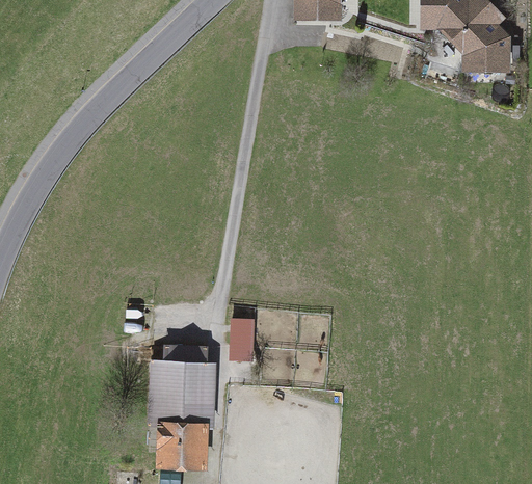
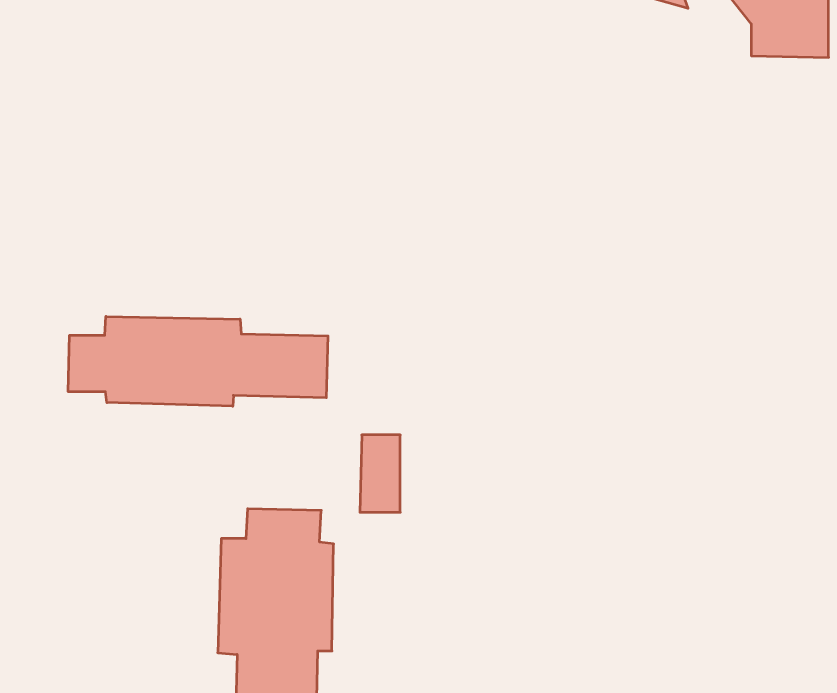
building: none -> [68,316,328,406]

